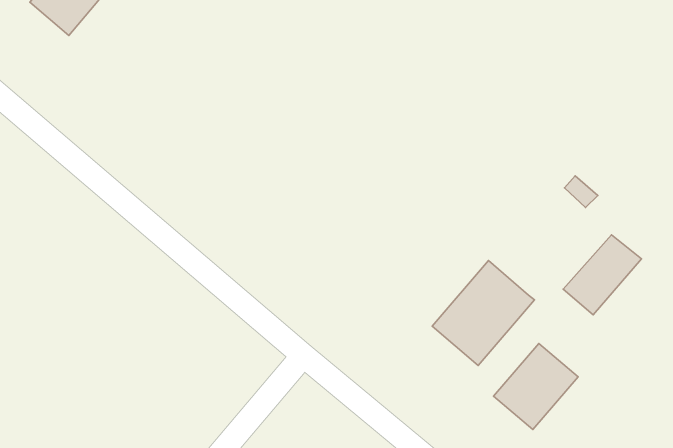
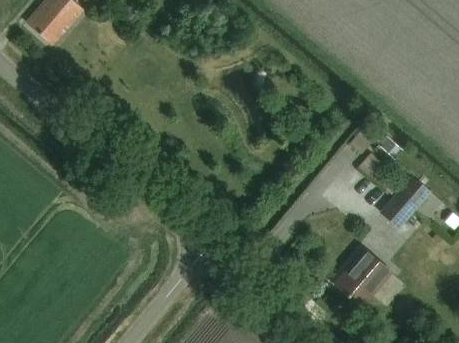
building: [432,261,535,365] -> none

